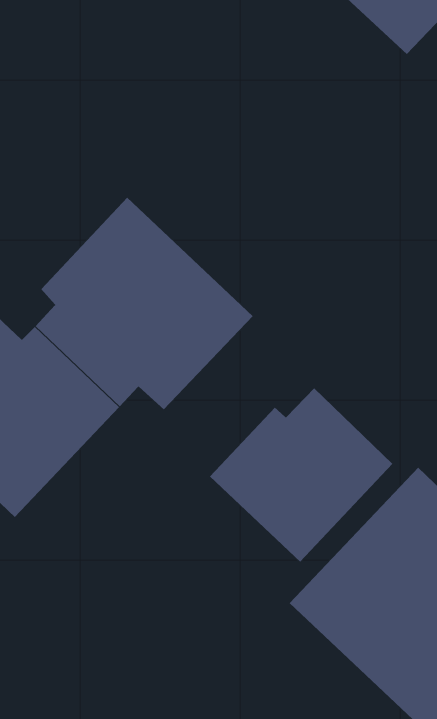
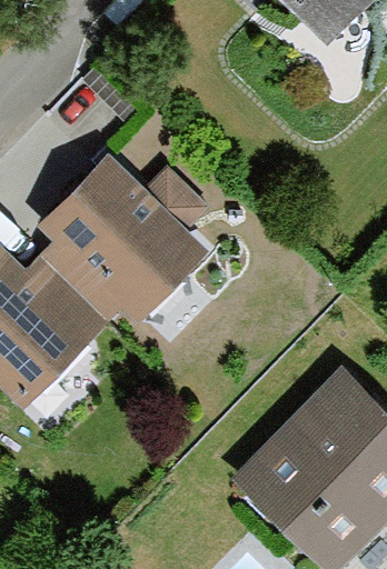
building: [209,387,393,563] -> none

